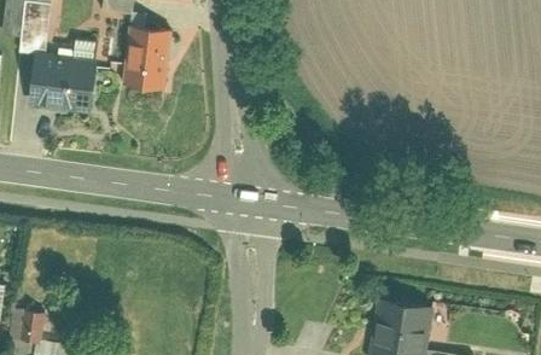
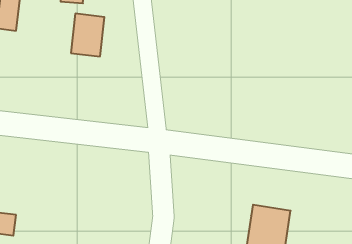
building: [30,57,95,114] -> none

